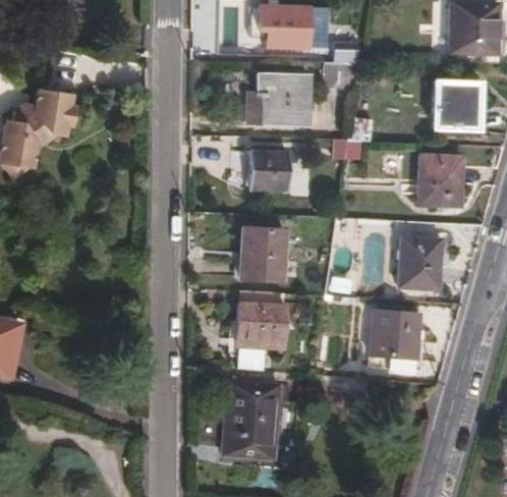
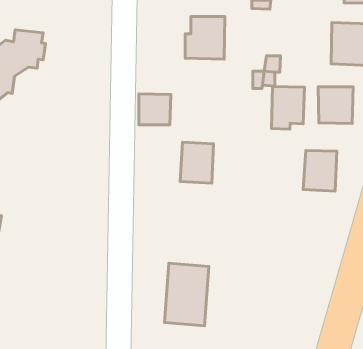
building: [252,152,292,190] -> [139,94,171,125]
building: none -> [271,86,304,129]
building: [233,290,290,361] -> none
building: [372,311,420,369] -> none

